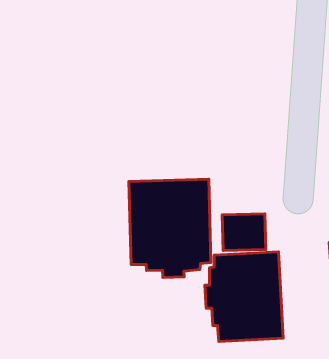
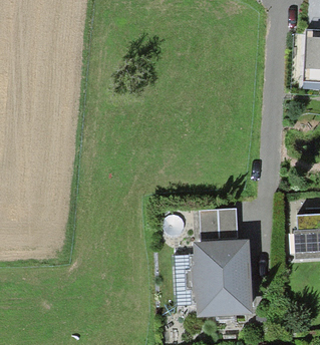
building: [129,179,211,278] -> none

